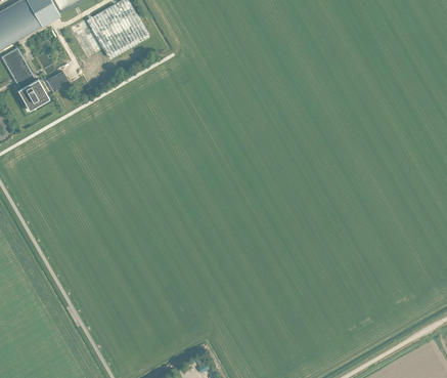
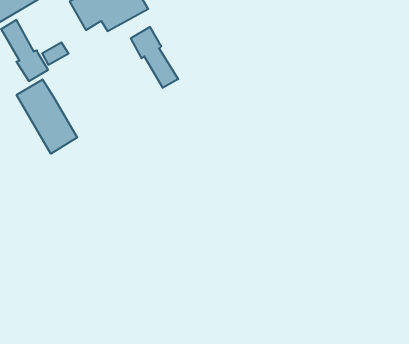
building: none -> [131,27,178,88]
building: none -> [17,79,77,154]

